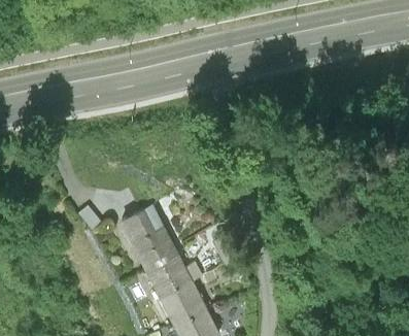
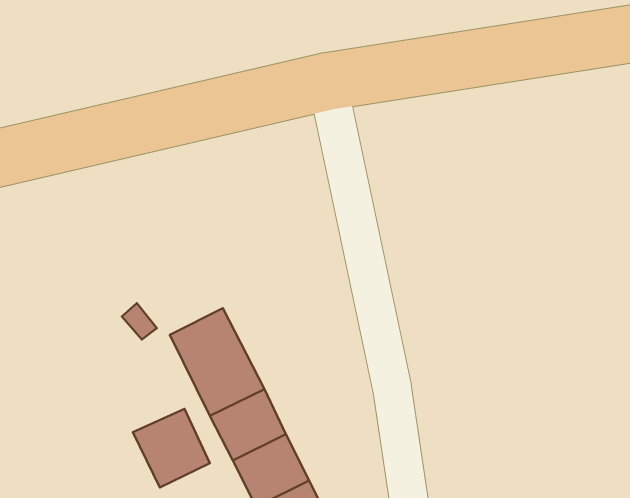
building: none -> [133,409,210,488]

